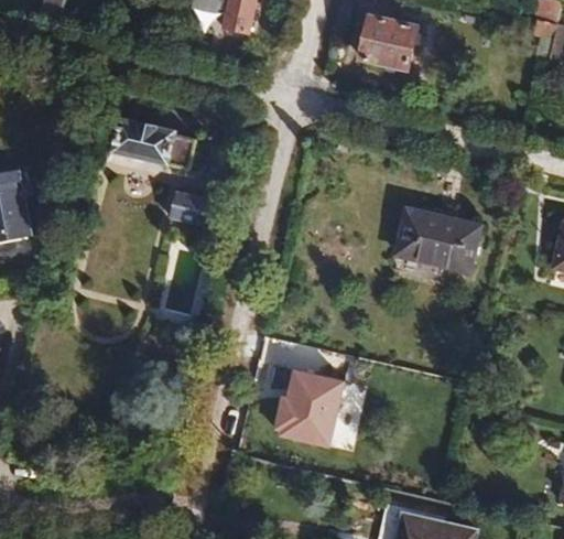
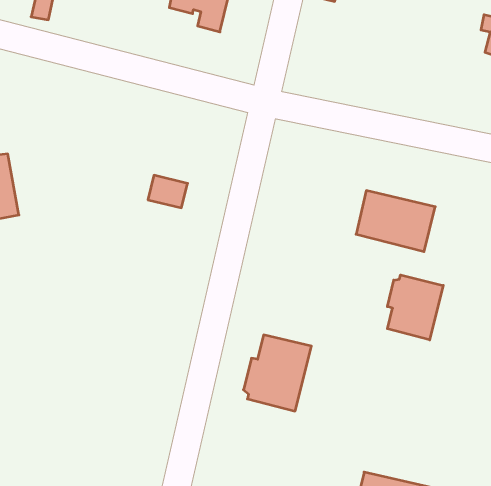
building: [361,14,420,72] -> none
building: [116,119,195,169] -> none
building: none -> [387,275,443,340]

